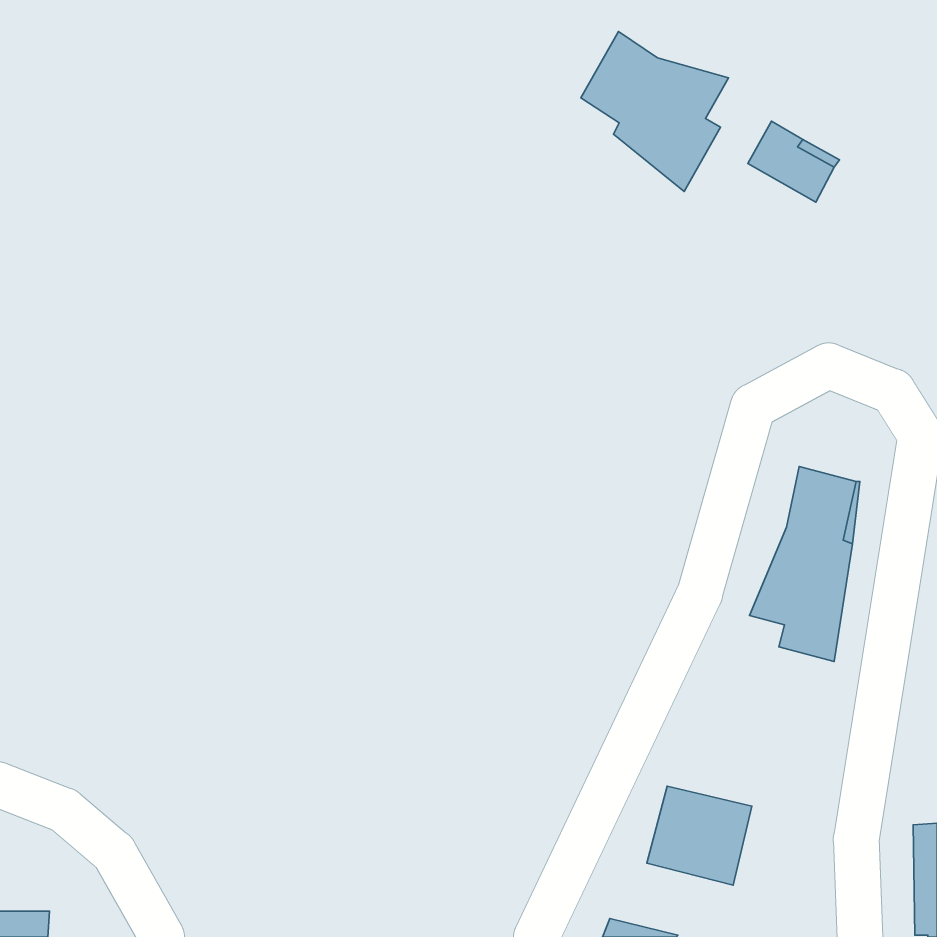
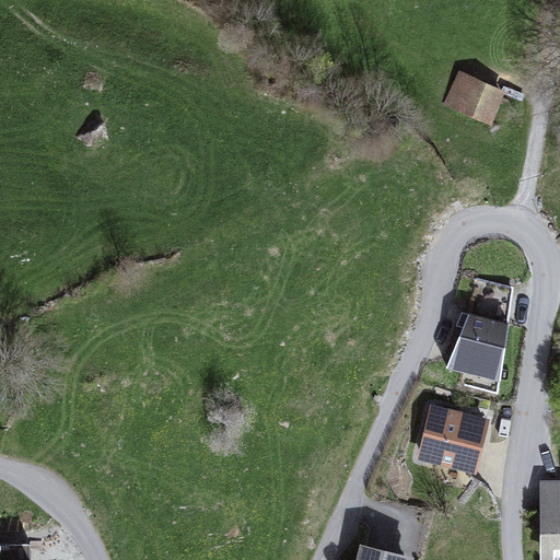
building: [581,32,728,192] -> none
building: [647,786,752,885] -> [421,409,483,468]

